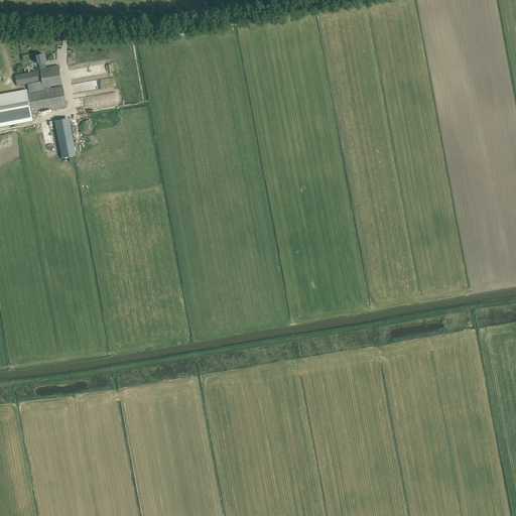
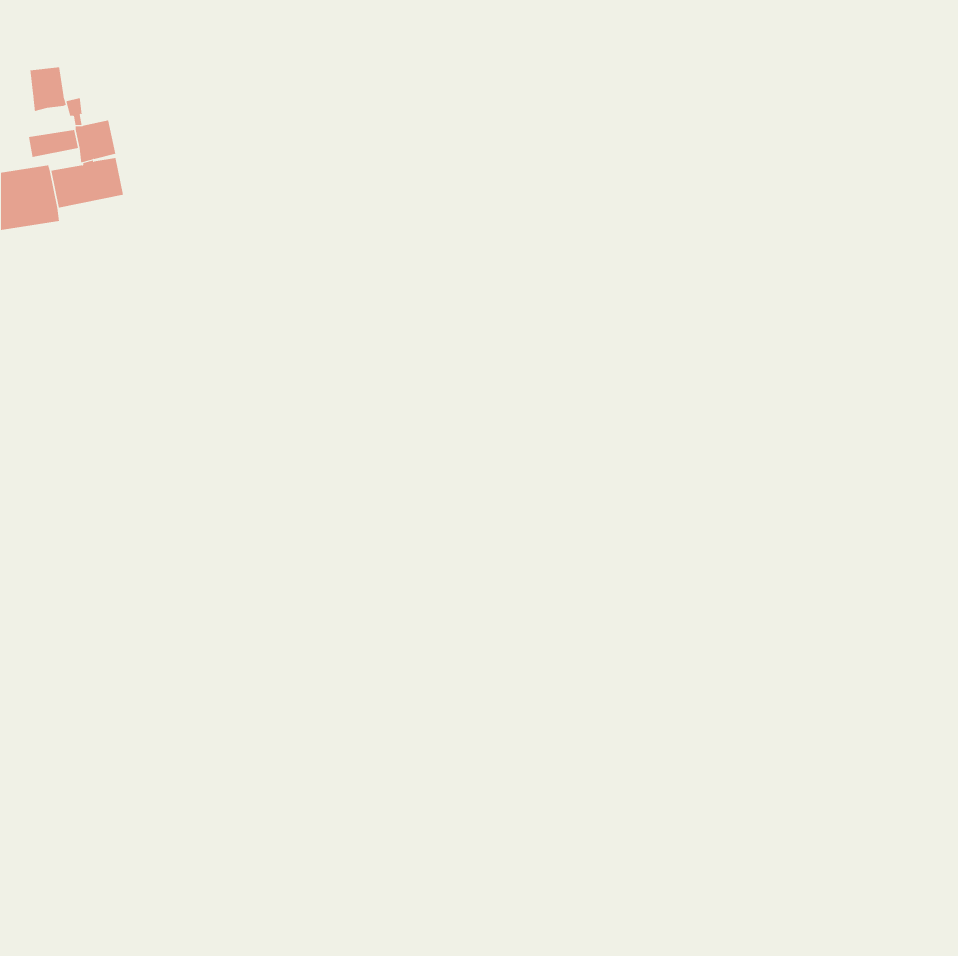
building: none -> [30,66,67,112]
building: [53,117,75,157] -> none

